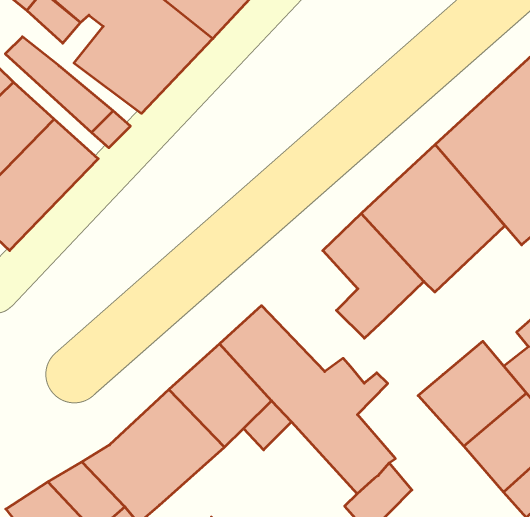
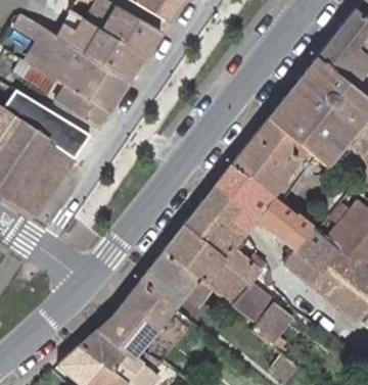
building: none -> [185,188,250,256]
building: none -> [257,196,314,247]

